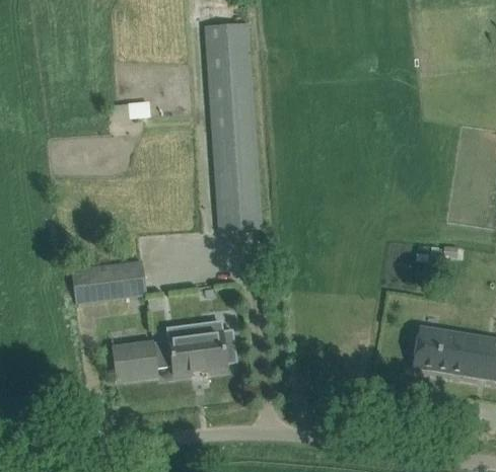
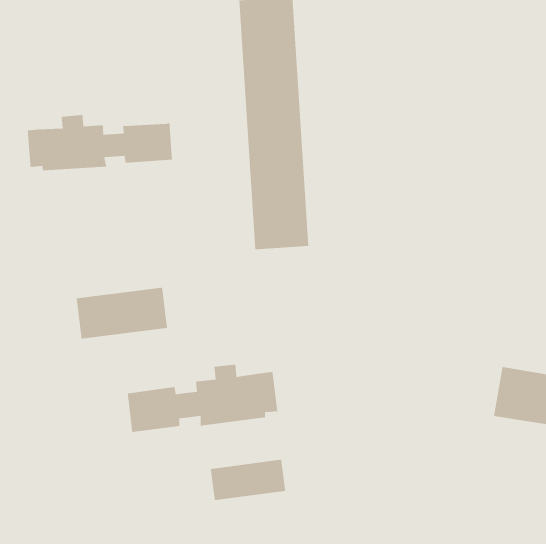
building: none -> [27,114,173,171]
building: none -> [210,459,286,501]

